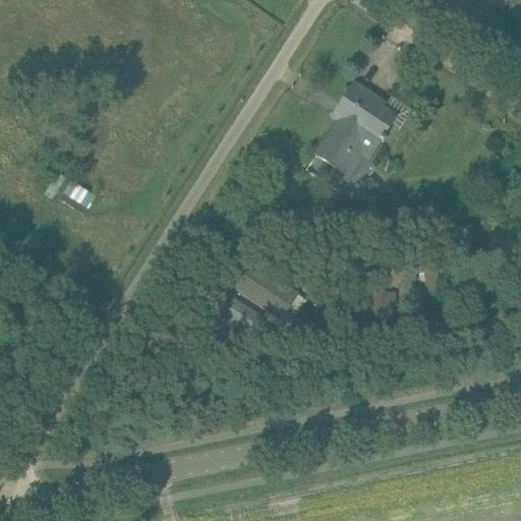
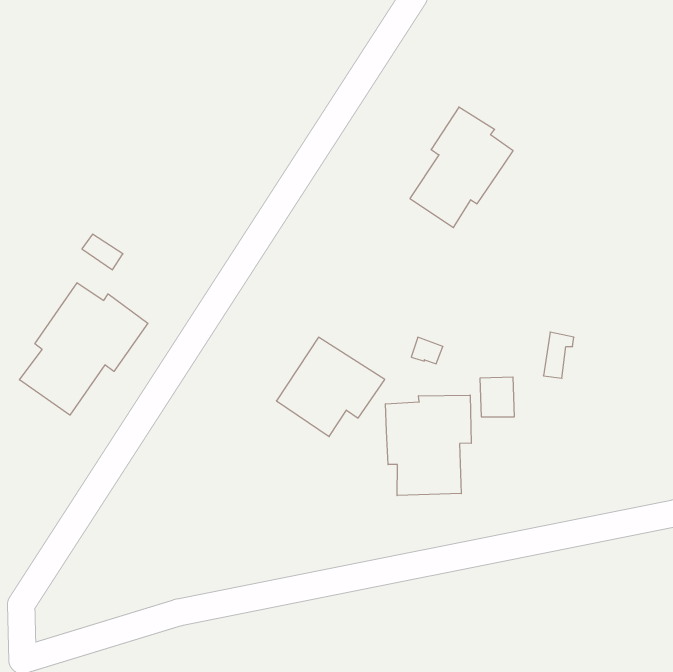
building: none -> [19,283,148,415]
building: none -> [386,395,471,496]

